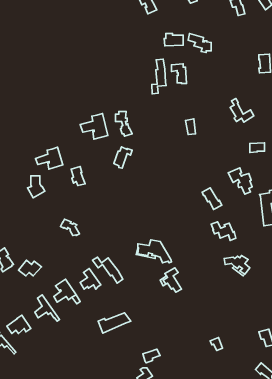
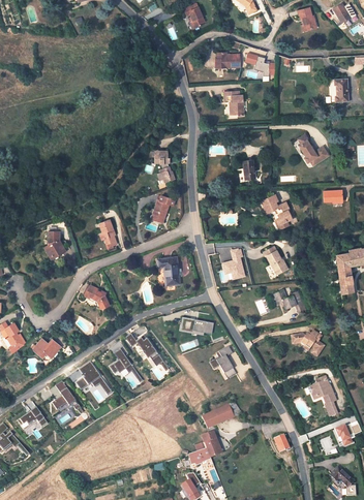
building: [152,59,166,94] -> none
building: [80,113,108,139] -> none
building: [35,147,63,169] -> none
building: [228,168,252,194] -> [261,195,291,228]
building: none -> [222,248,245,280]
building: none -> [156,257,180,285]
building: none -> [304,376,337,416]
building: [98,313,131,333] -> [201,403,242,429]
building: none -> [194,432,223,458]

